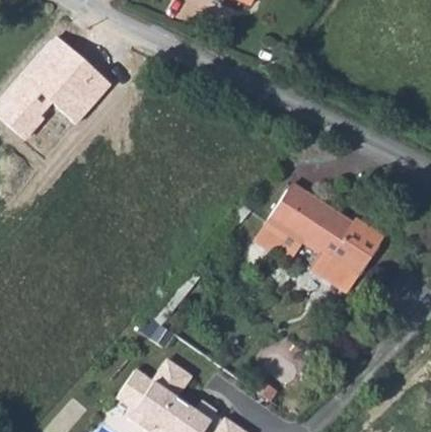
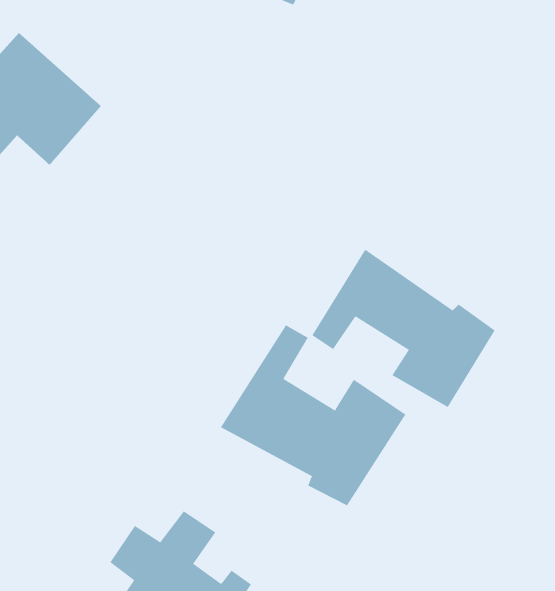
building: none -> [220,325,406,506]

